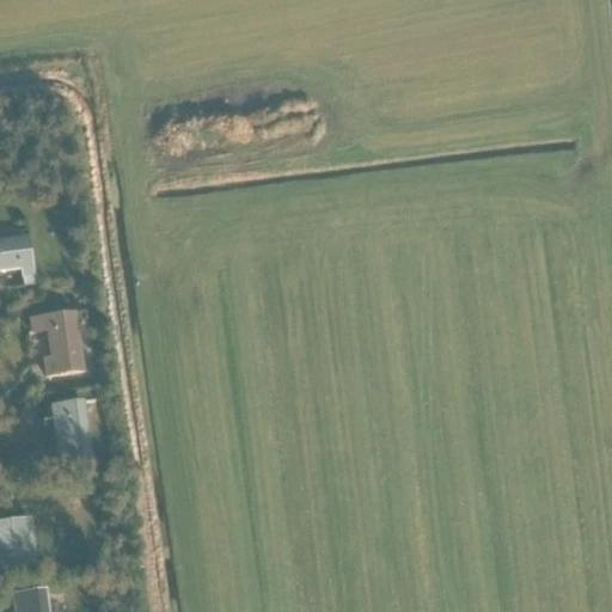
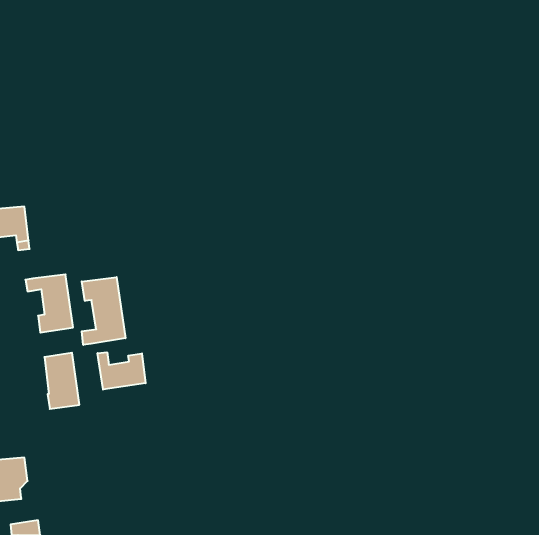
building: none -> [82,277,125,345]
building: none -> [98,352,146,390]

